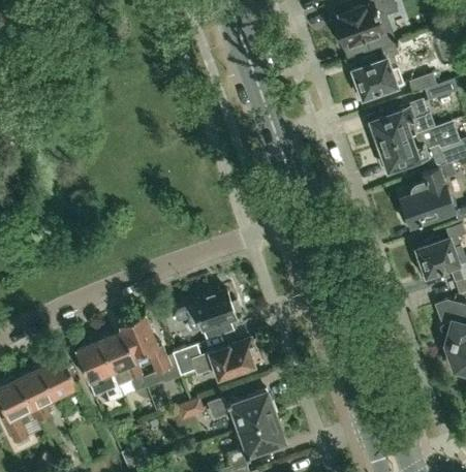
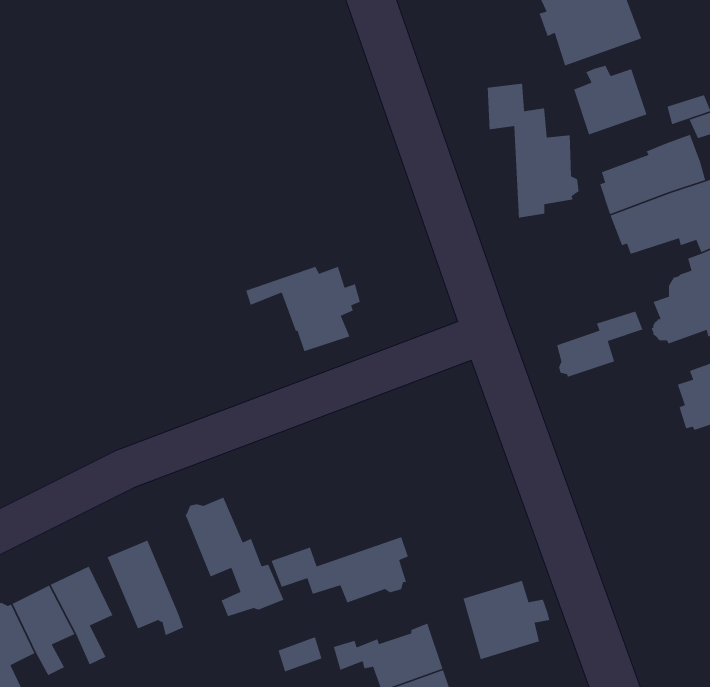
building: none -> [487,83,579,218]
building: none -> [556,310,643,378]
building: [172,291,241,343] -> [245,266,361,352]
building: [99,332,147,394] -> none
building: none -> [463,580,550,660]

